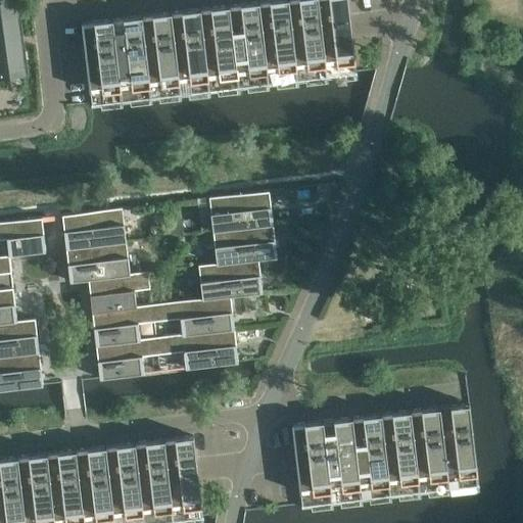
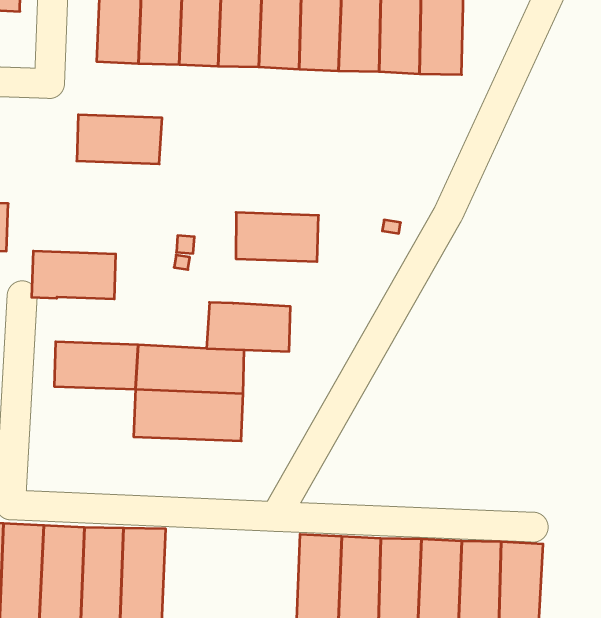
building: [61,210,126,251] -> [77,115,162,164]
building: [213,227,277,267] -> none
building: [88,275,152,315] -> none
building: [96,340,159,382] -> none

